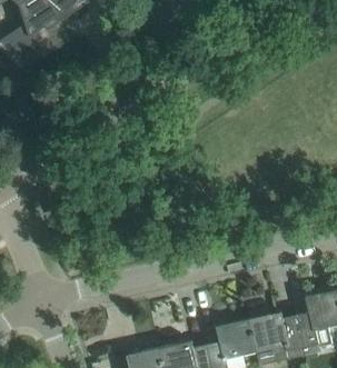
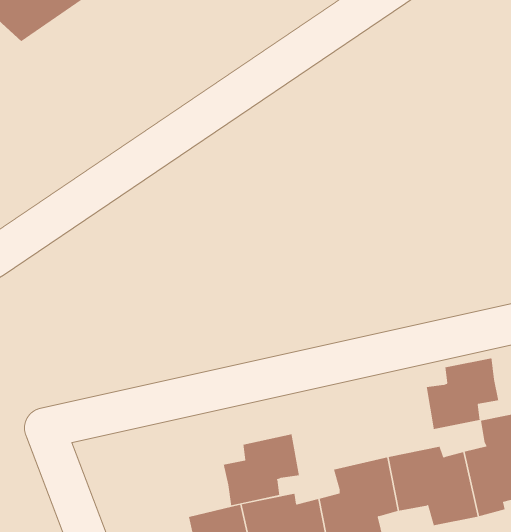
building: none -> [426,358,499,430]
building: none -> [223,434,299,506]

